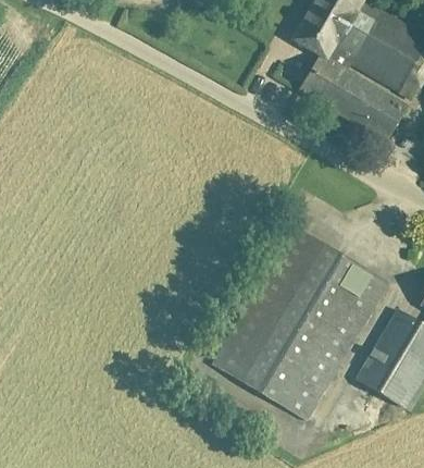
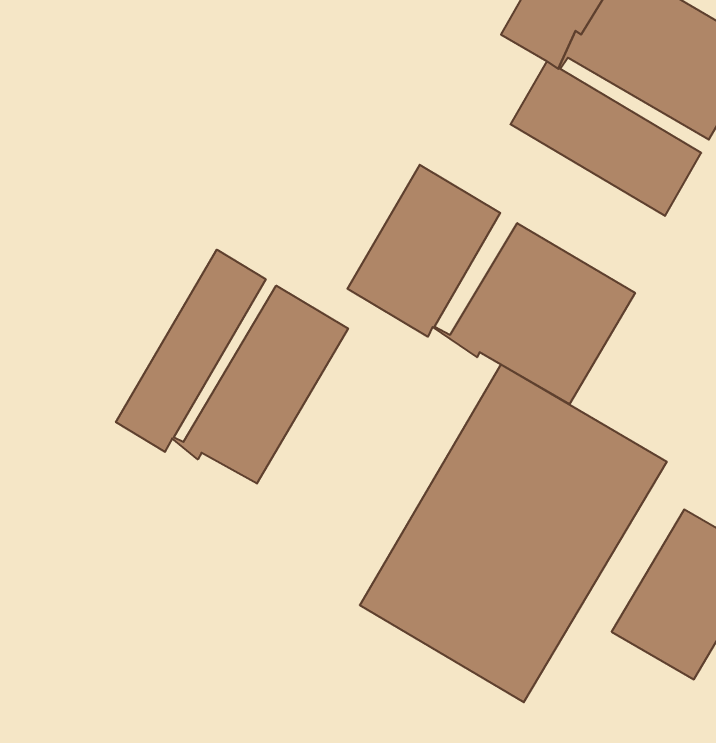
building: none -> [347,165,635,404]
building: none -> [116,250,348,484]

